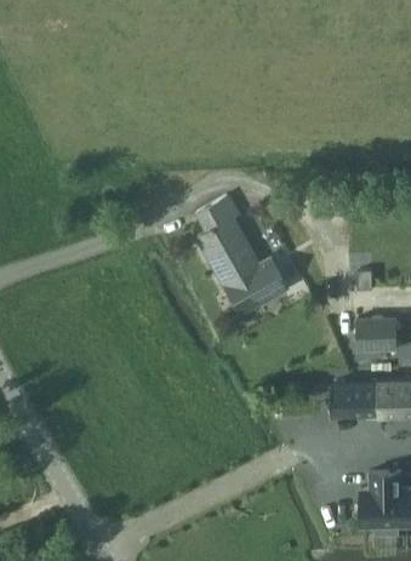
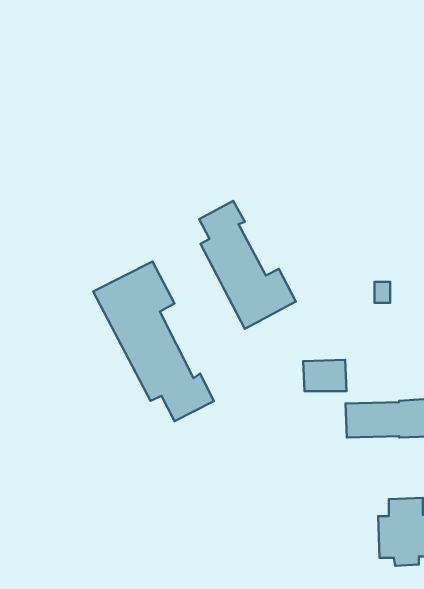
building: none -> [93,262,214,421]
building: [359,319,399,348] -> [303,360,346,391]

